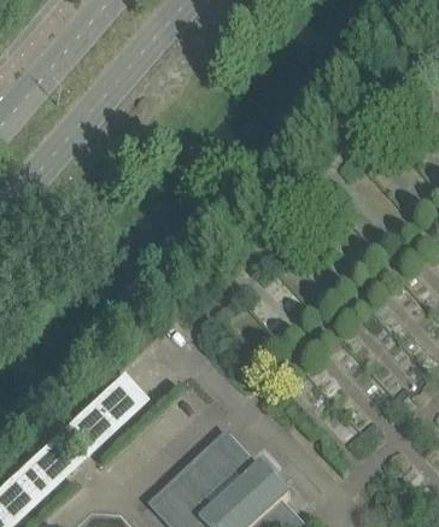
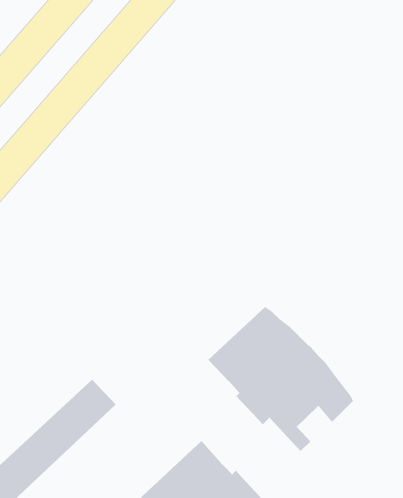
building: none -> [207,306,354,452]

